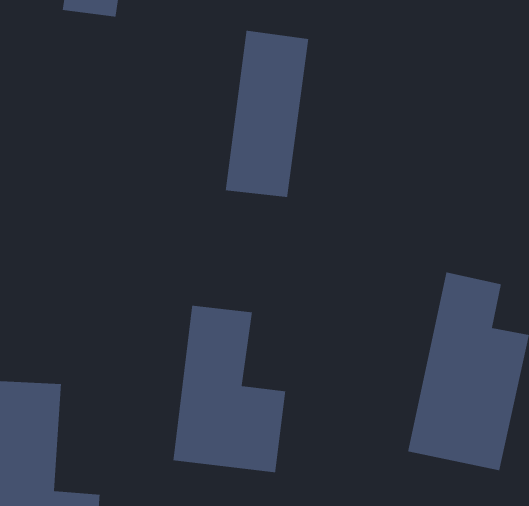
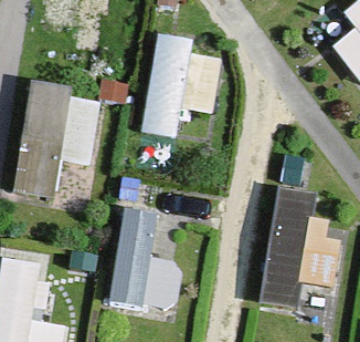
building: none -> [20,89,98,199]

